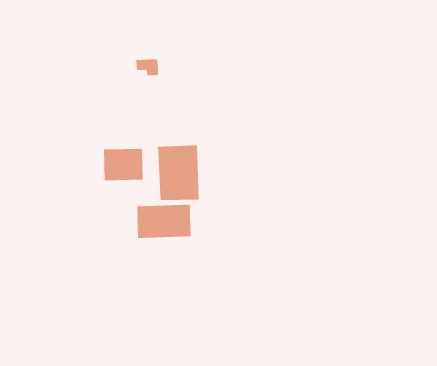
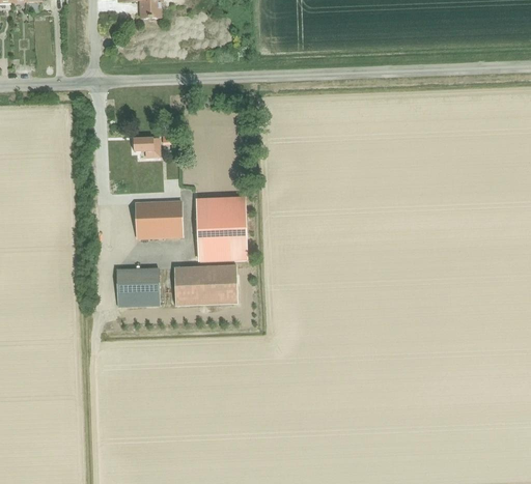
building: [135,59,159,76] -> [133,138,160,158]
building: none -> [116,267,160,307]

